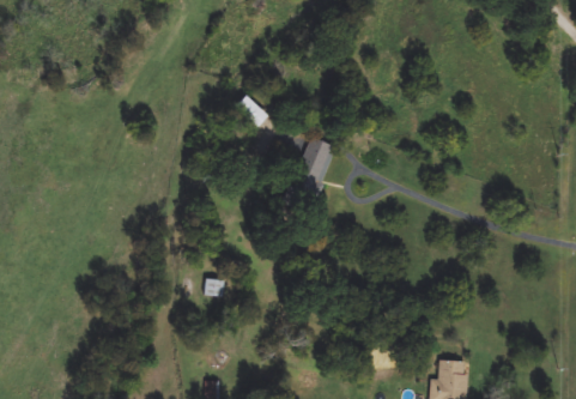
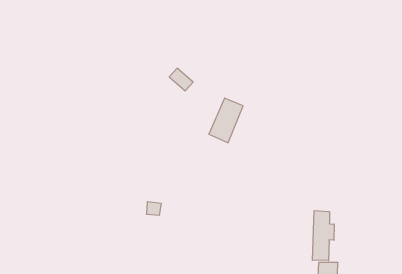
building: none -> [312,211,334,261]

